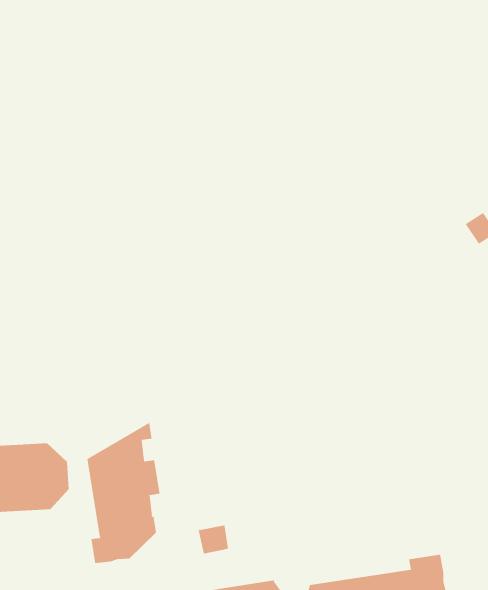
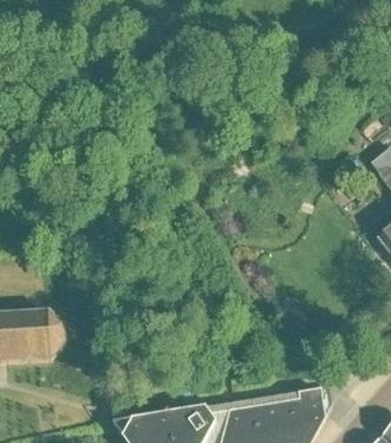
building: [87,422,160,564] -> none

